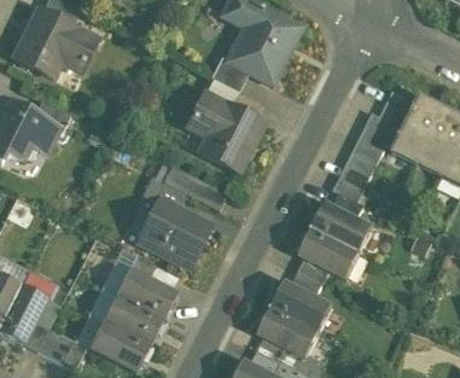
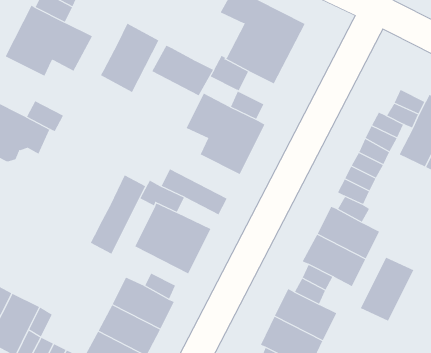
building: none -> [100,23,159,93]
building: none -> [151,45,214,96]
building: none -> [90,175,146,254]
building: none -> [360,257,414,322]

